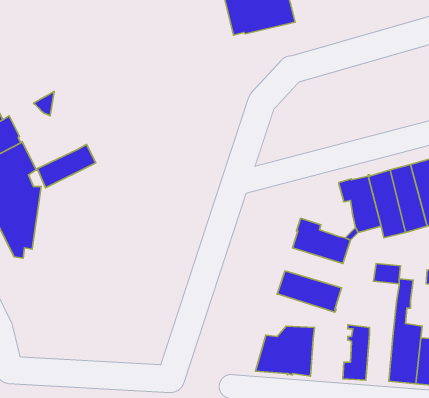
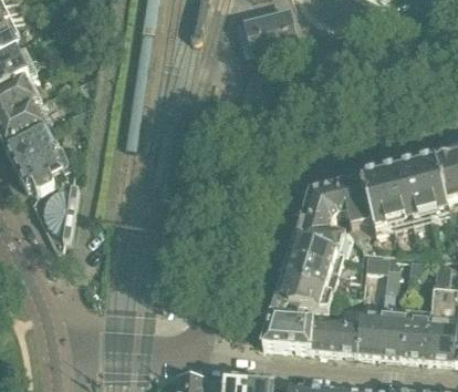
building: [36,145,96,188] -> none
building: none -> [303,183,347,228]
building: none -> [290,237,344,272]
building: none -> [272,278,340,314]
building: none -> [358,312,382,353]
building: none -> [311,317,346,351]

